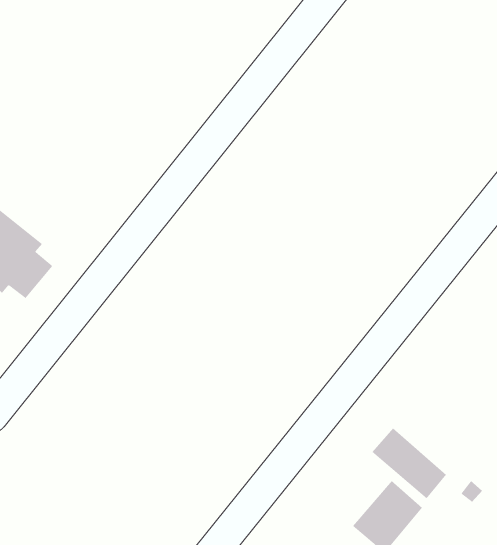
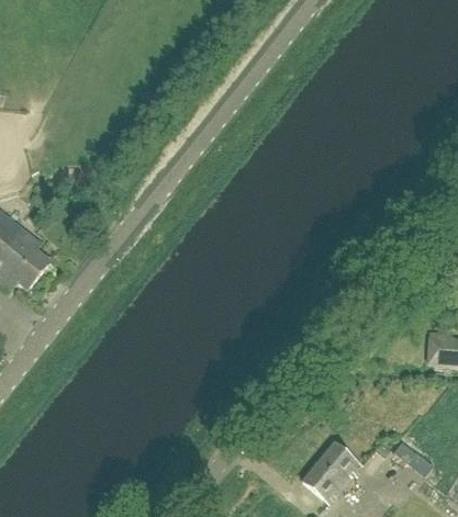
building: [371,428,447,499] -> none

